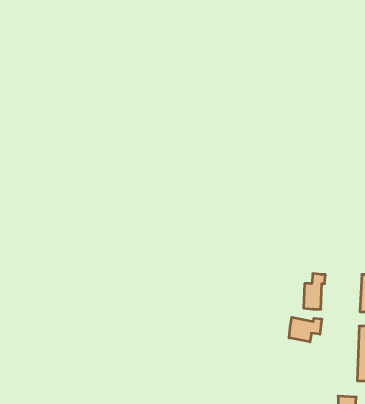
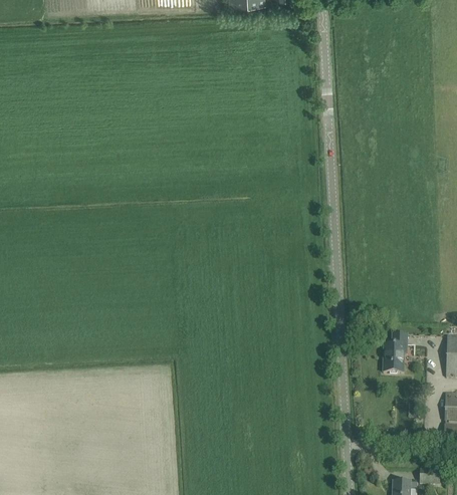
building: [289,317,322,342] -> none

